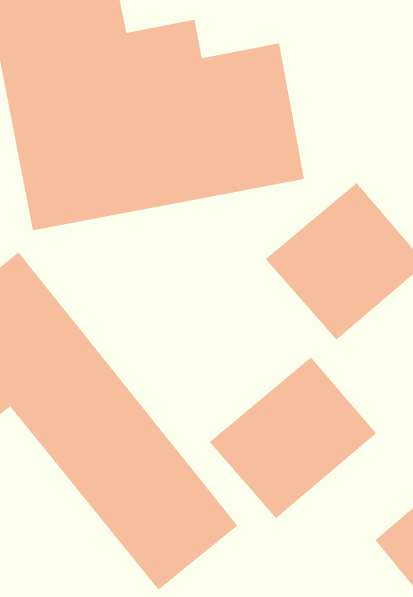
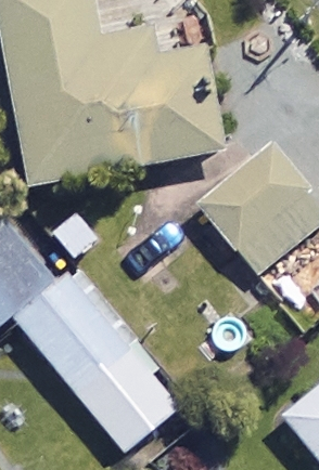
building: [209,356,377,519] -> none

